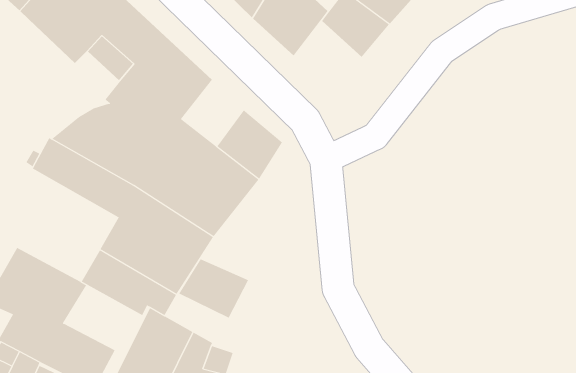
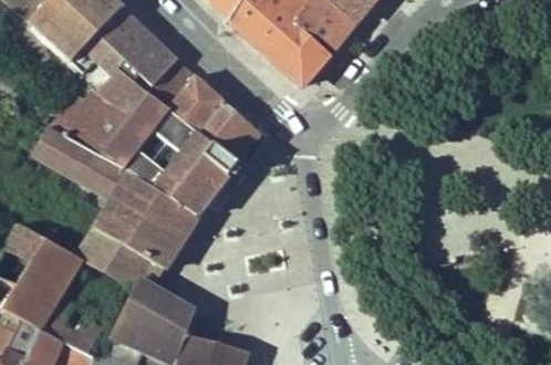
building: none -> [268,22,329,85]
building: none -> [167,75,222,135]
building: [178,258,249,318] -> none

